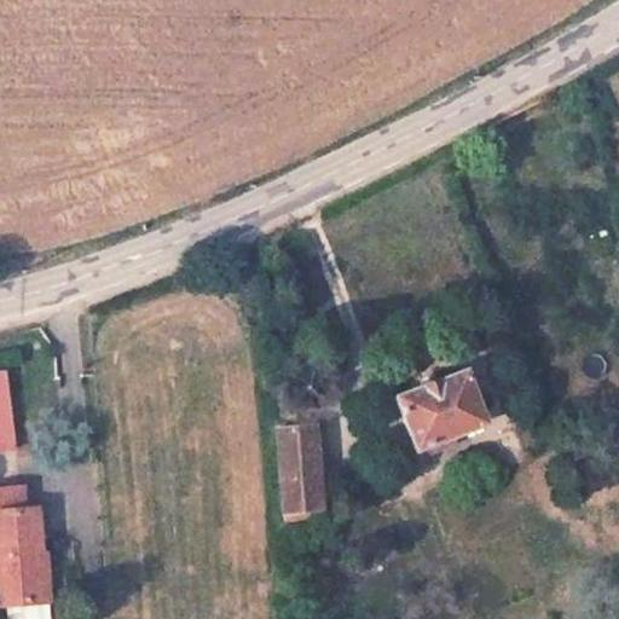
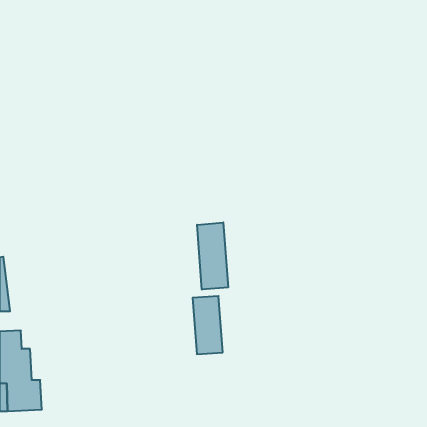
building: none -> [197,222,228,290]
building: [400,381,479,449] -> none

